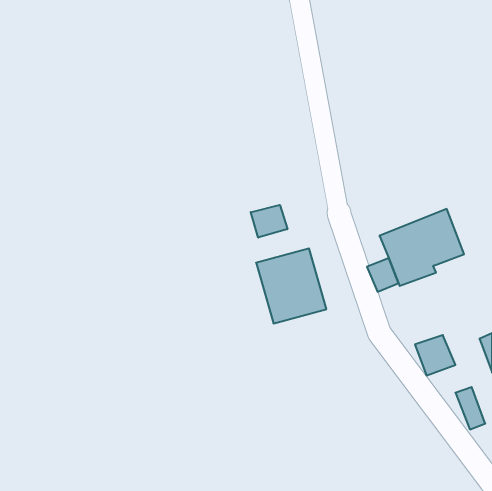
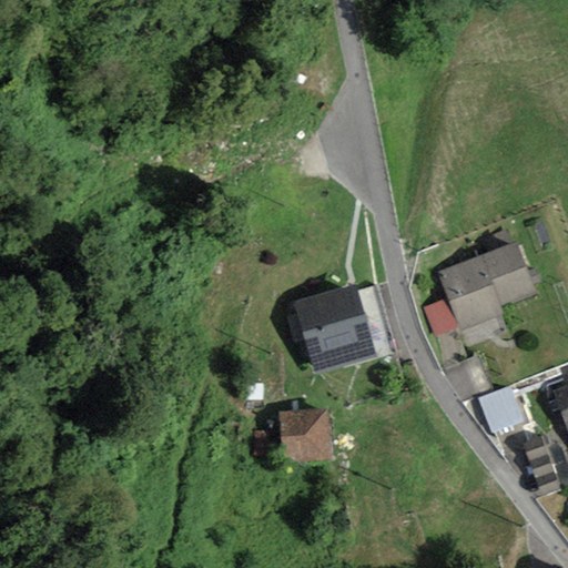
building: [251,205,287,238] -> none
building: none -> [278,407,332,463]

